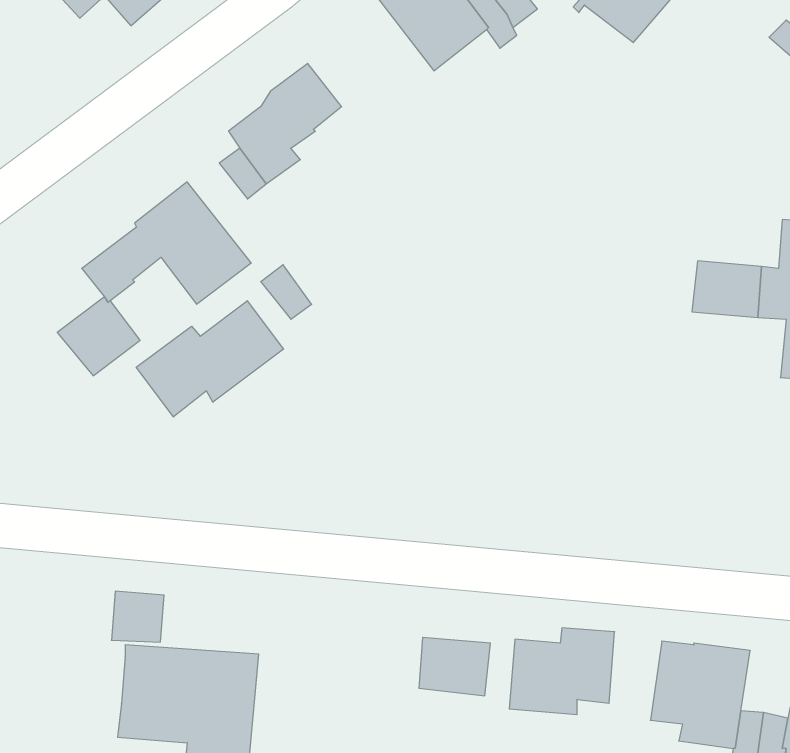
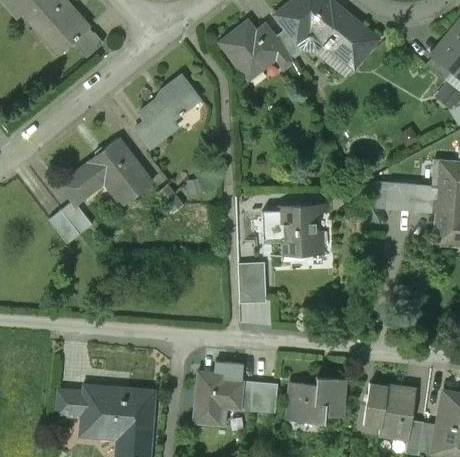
building: [136,301,284,417] -> none
building: none -> [263,206,325,253]
building: none -> [239,266,266,299]
building: [111,591,164,642] -> [57,389,85,416]
building: none -> [194,362,244,424]

